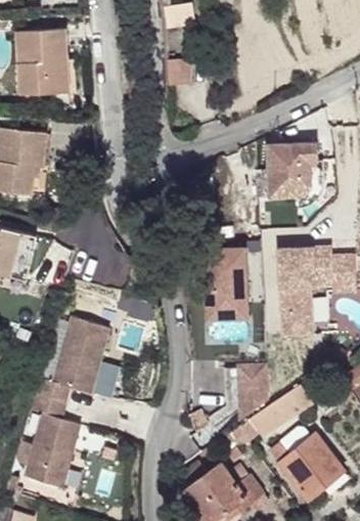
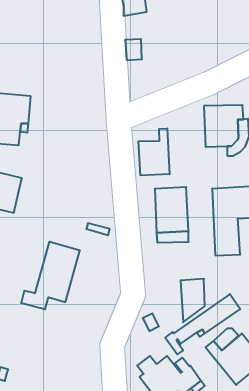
building: [15,29,69,95] -> none
building: none -> [139,128,170,175]
building: [13,394,80,487] -> none

